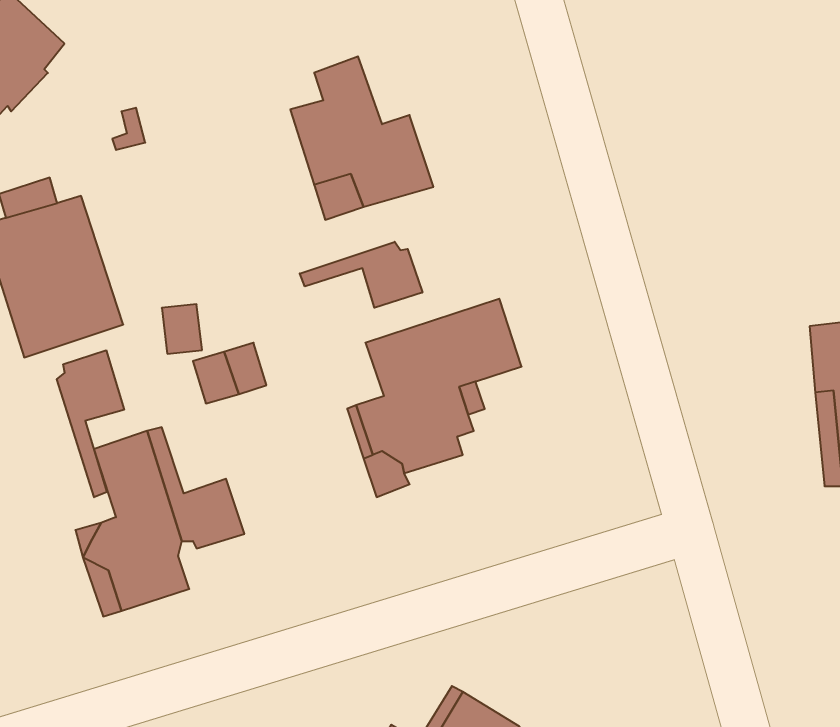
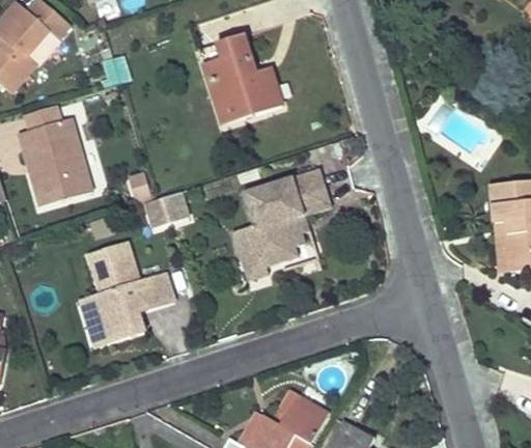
building: [300,242,422,308] -> none
building: [57,350,124,497] -> none

